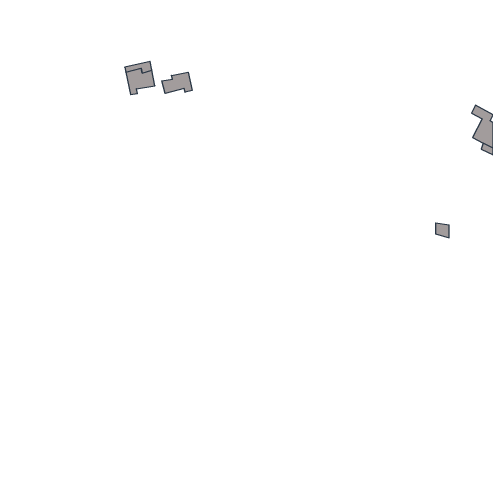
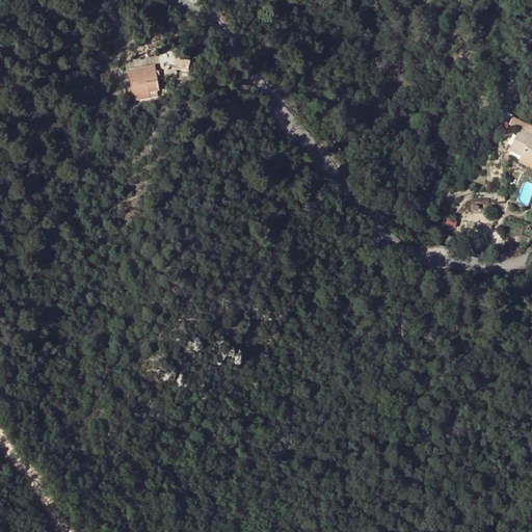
building: [162,72,192,93] -> none

